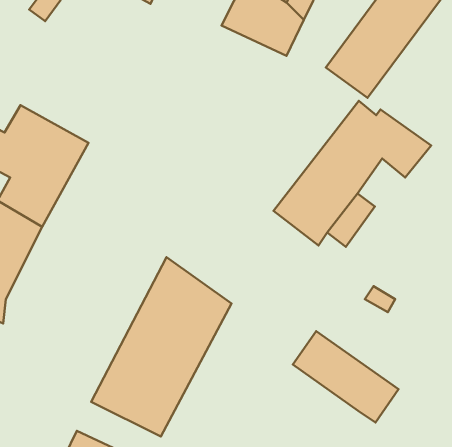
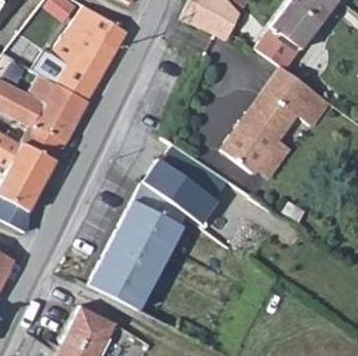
building: none -> [31,6,128,102]
building: [293,331,399,422] -> [143,159,217,224]

